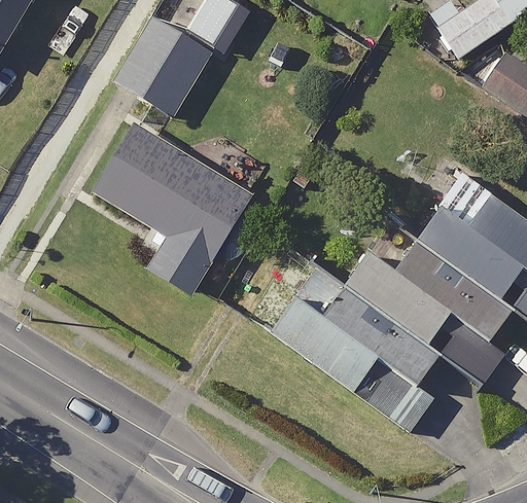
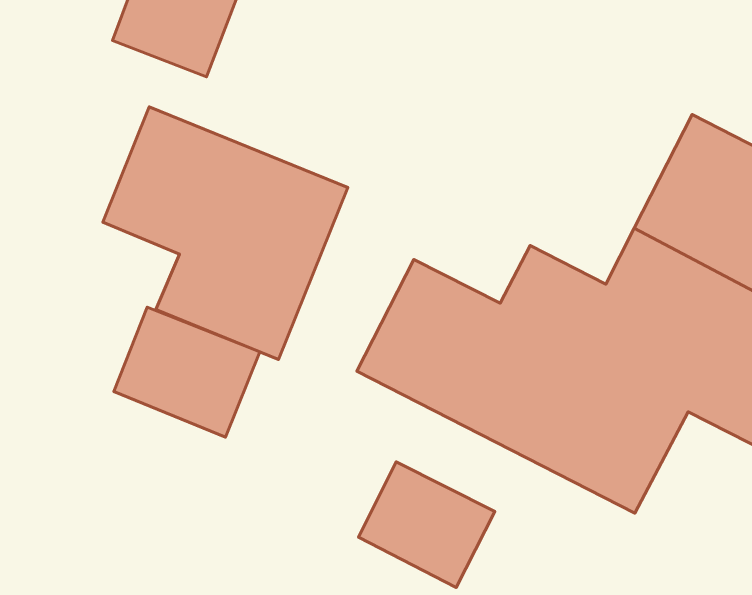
building: none -> [114,307,260,437]
building: none -> [359,462,495,587]

